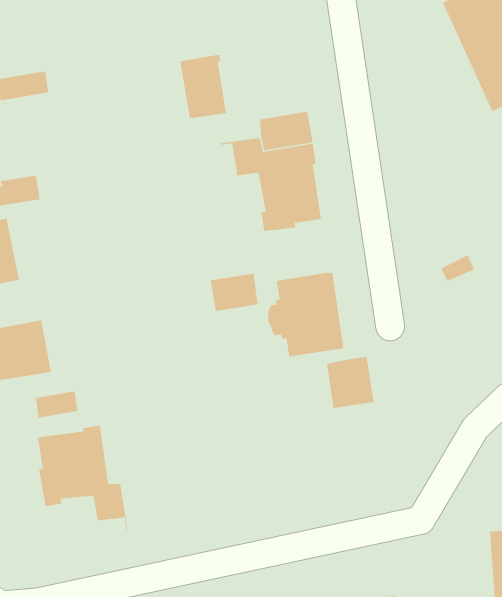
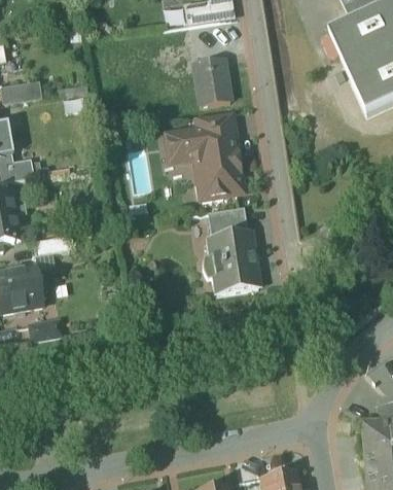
building: [179,54,227,119] -> [192,59,227,107]
building: [210,273,258,312] -> [208,208,244,237]
building: [326,356,375,409] -> none
building: [37,425,129,531] -> none

